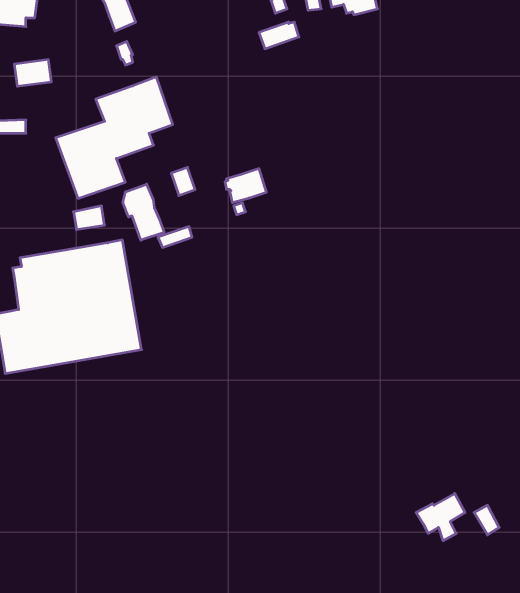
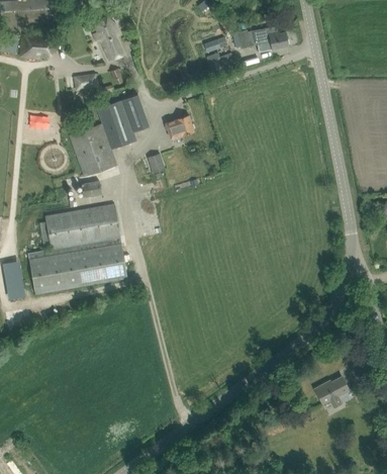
building: [14,60,51,86] -> [73,72,98,90]
building: [225,169,266,203] -> [165,115,193,138]
building: [123,184,164,240] -> none

